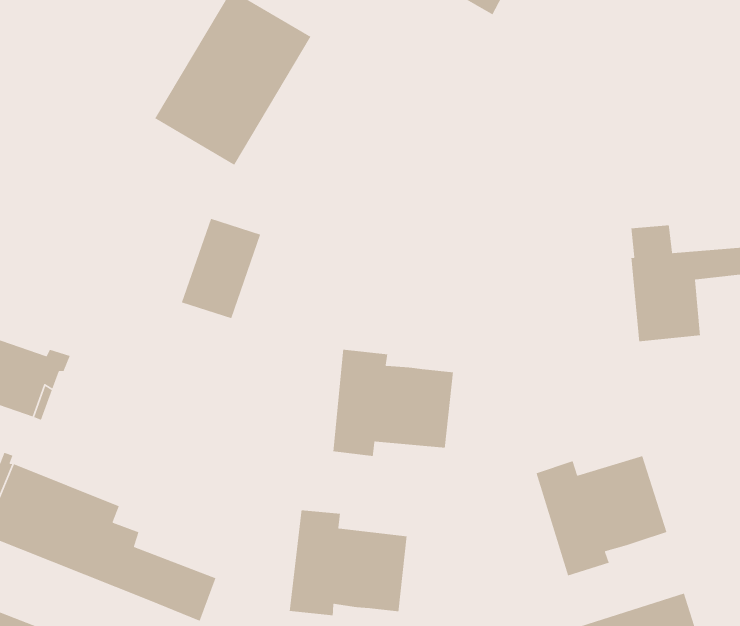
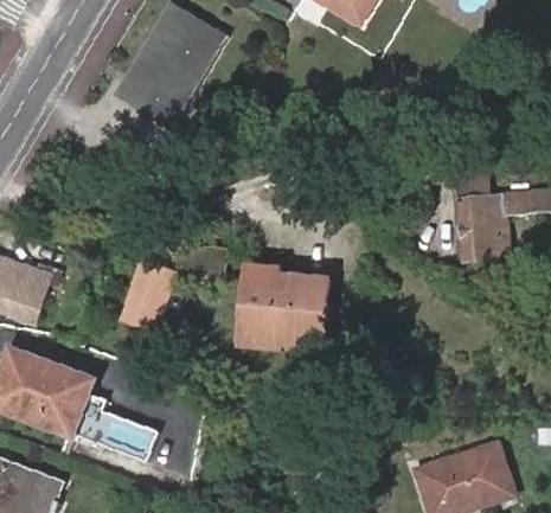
building: [181,218,261,319] -> [118,257,177,331]
building: [536,455,668,577] -> none
building: [289,509,407,616] -> none

